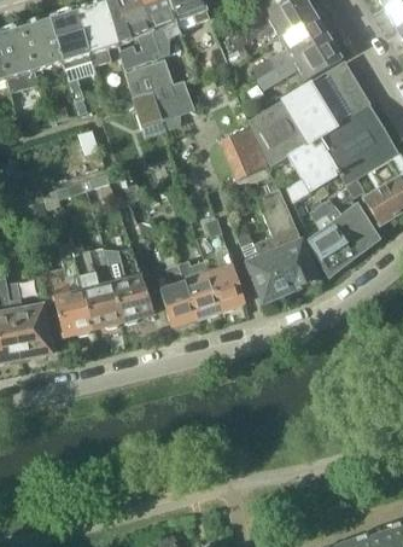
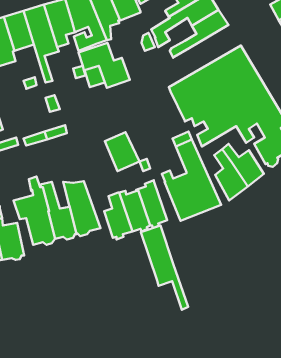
building: [255,35,341,91] -> none
building: [222,126,269,179] -> [105,132,140,171]
building: none -> [141,225,188,310]

